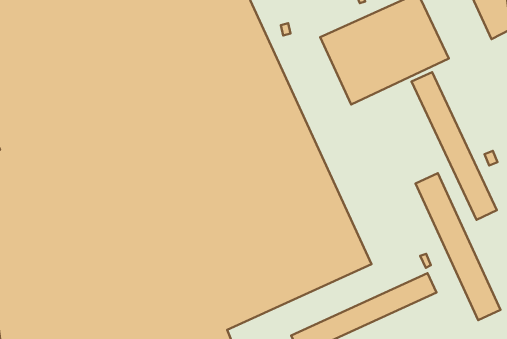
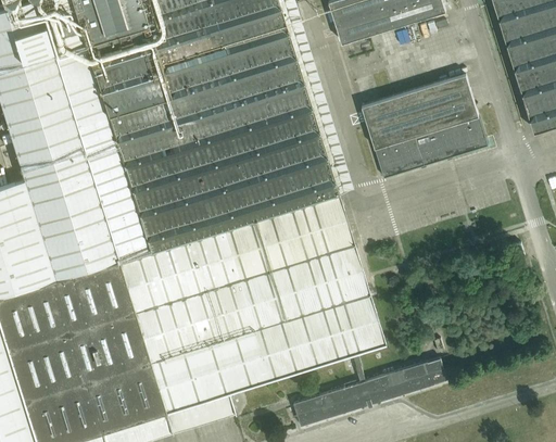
building: [412,72,497,220] -> none
building: [415,173,501,320] -> none

